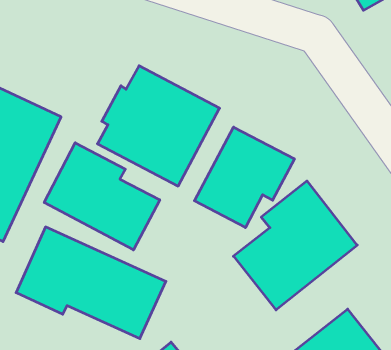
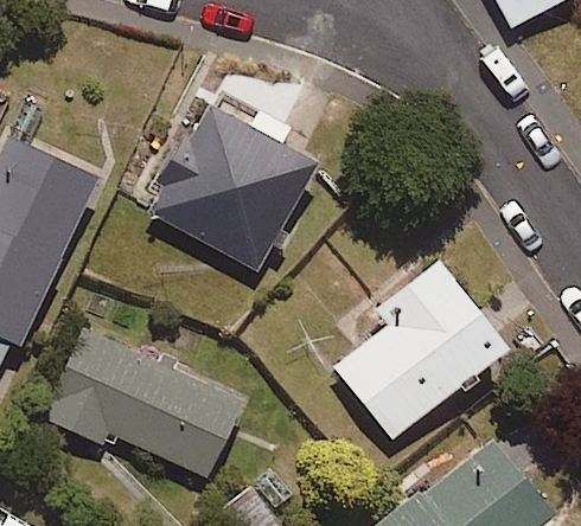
building: [194,127,294,228] -> none
building: [44,143,160,250] -> none

